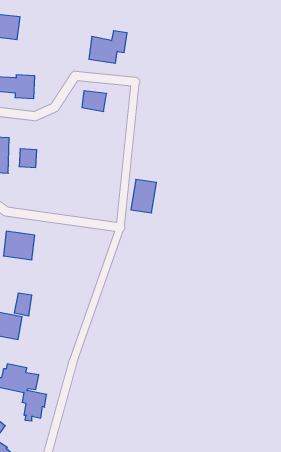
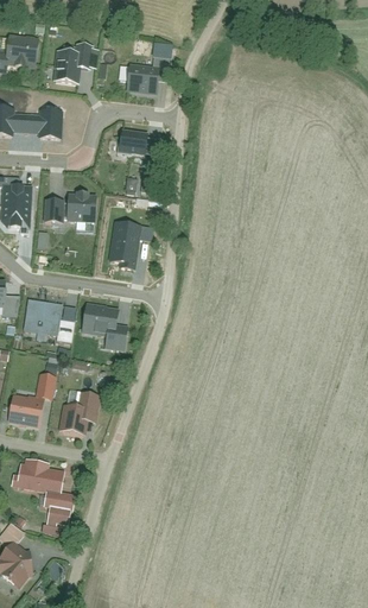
building: none -> [52,50,80,82]
building: none -> [66,192,95,220]
building: [131,179,156,213] -> [109,221,140,261]
building: none -> [82,302,129,350]
building: none -> [61,393,102,436]

